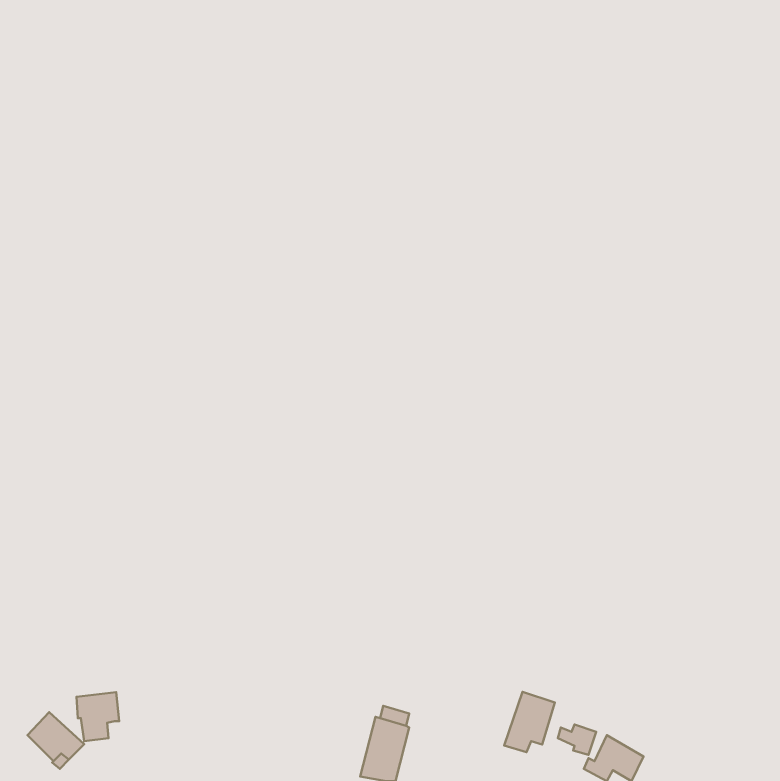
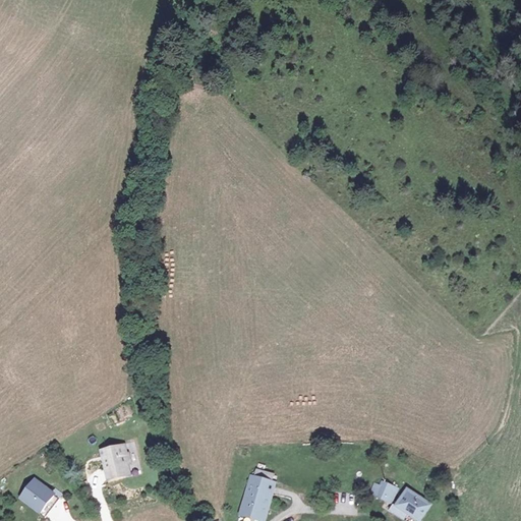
building: [504,692,555,752] -> none
building: [76,692,119,741] -> [105,446,133,478]

